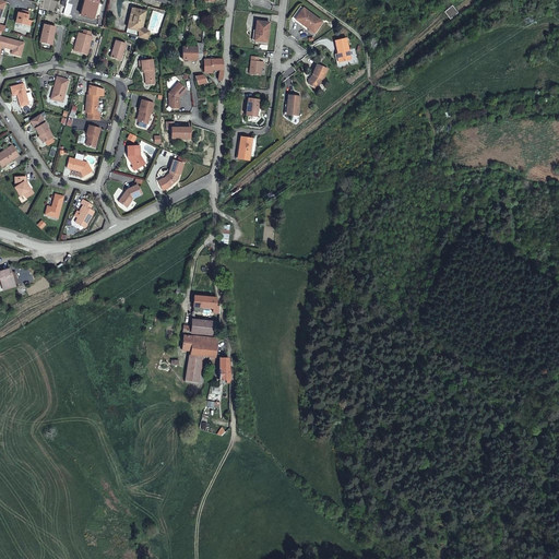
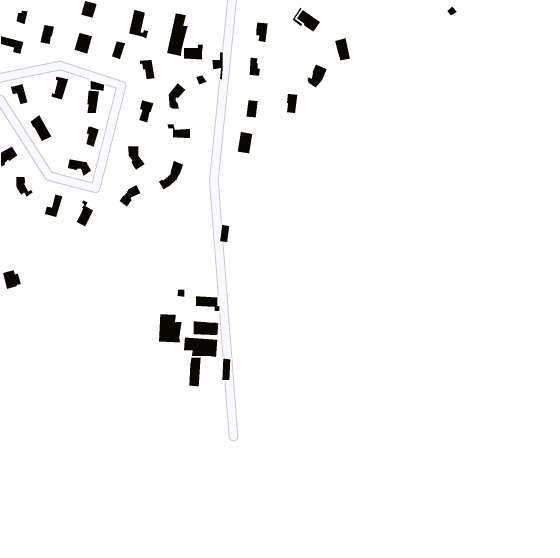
building: none -> [166,12,189,57]
building: none -> [158,313,183,343]

